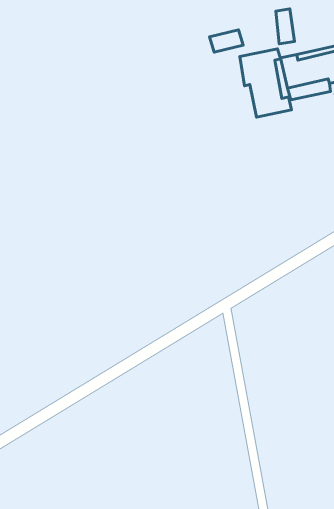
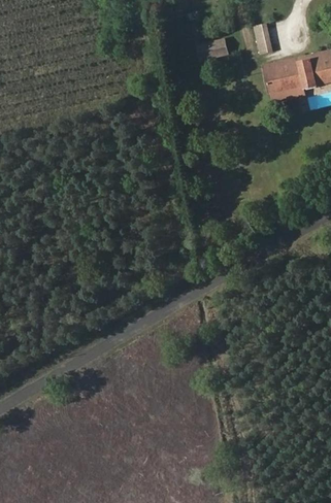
building: [240,49,291,117] -> none

